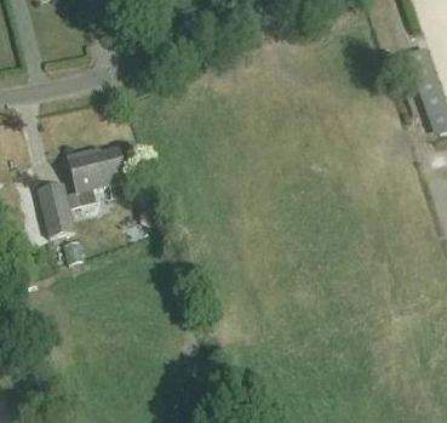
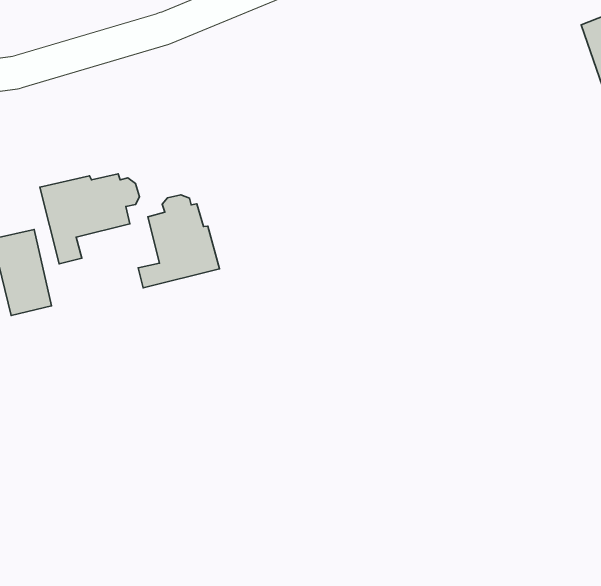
building: none -> [138,195,219,288]

